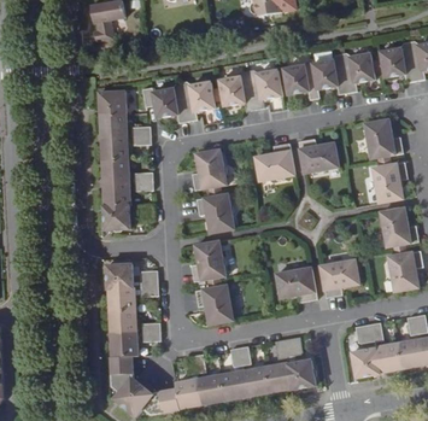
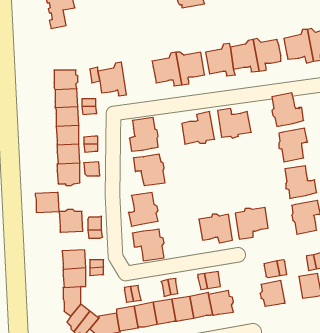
building: [182,81,216,121] -> none
building: [109,287,137,311] -> [35,193,59,212]
building: [376,343,403,373] -> none

